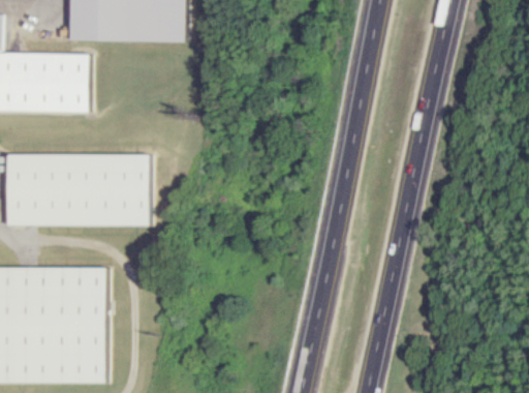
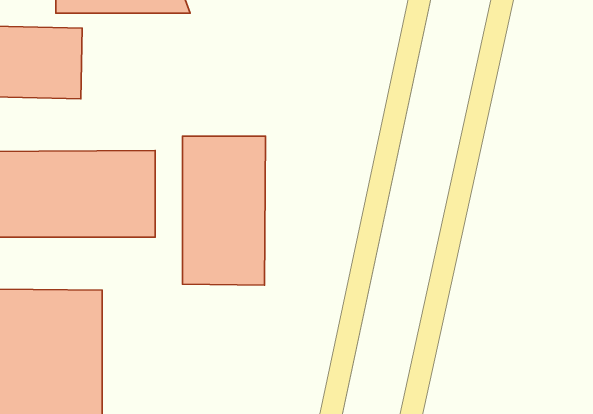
building: none -> [182,136,266,285]

